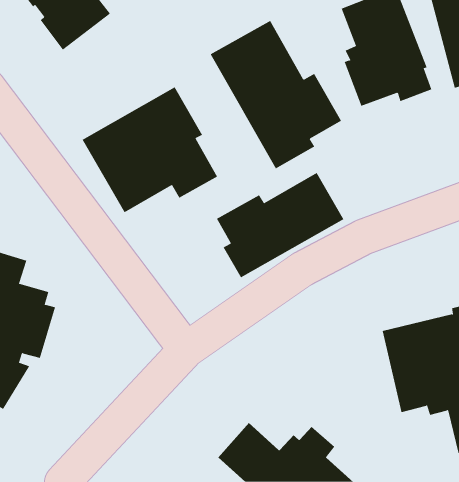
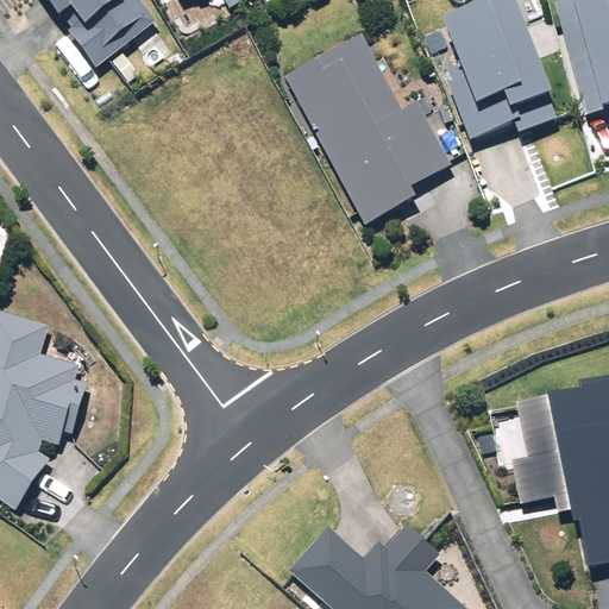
building: [82,86,218,213] -> none
building: [216,172,344,278] -> none

